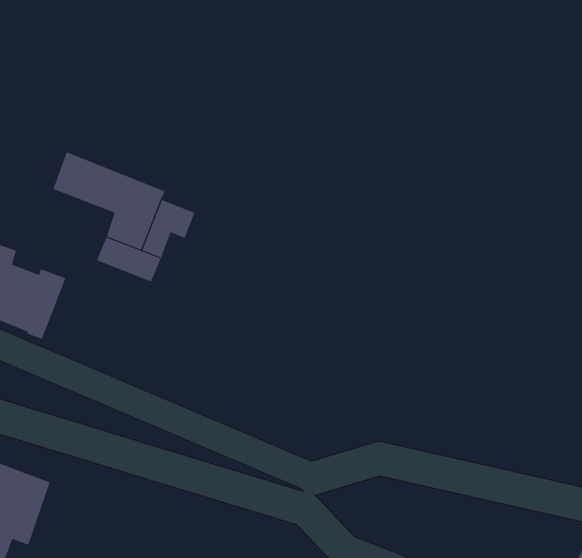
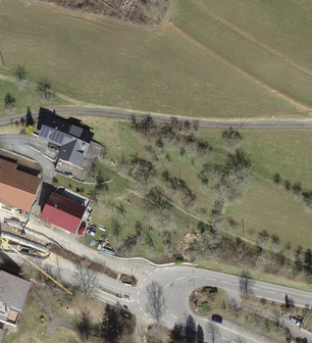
building: none -> [40,188,89,231]

